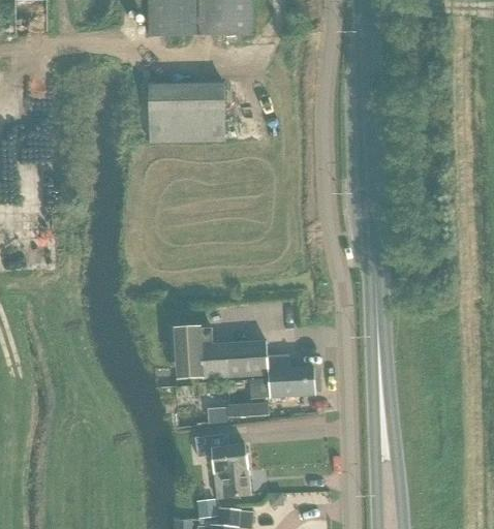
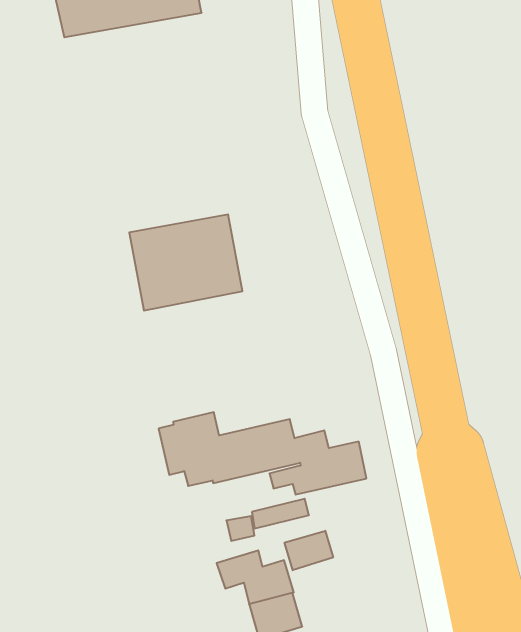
building: [149,84,224,144] -> [129,214,242,311]
building: none -> [285,531,333,570]

